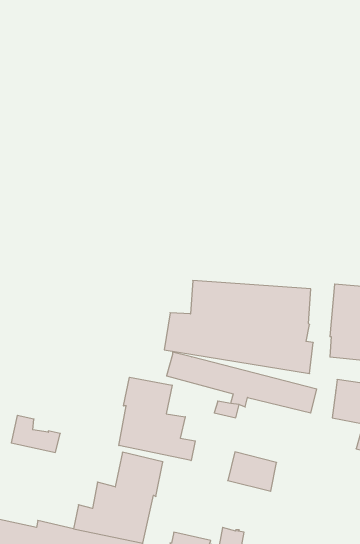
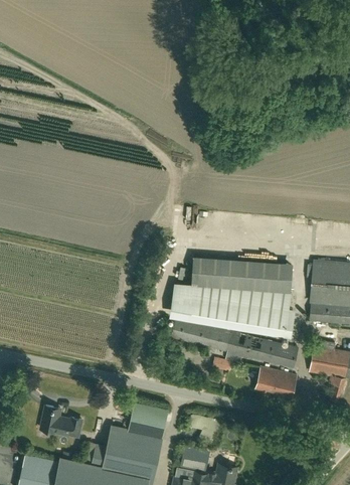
building: [119,377,195,461] -> none
building: [11,415,60,452] -> [40,406,81,437]
building: [228,452,277,491] -> [254,366,296,399]
building: none -> [180,447,209,473]

